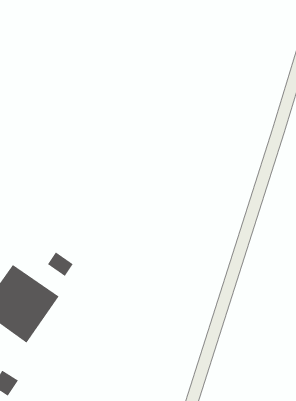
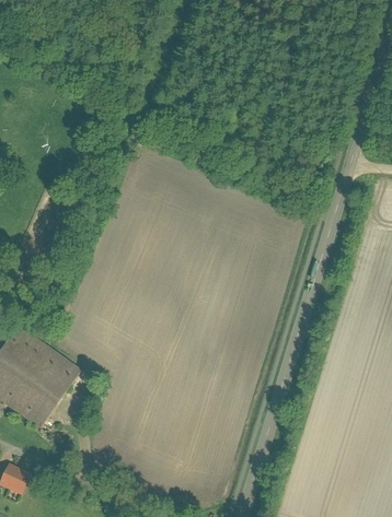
building: [47,251,73,277] -> none

